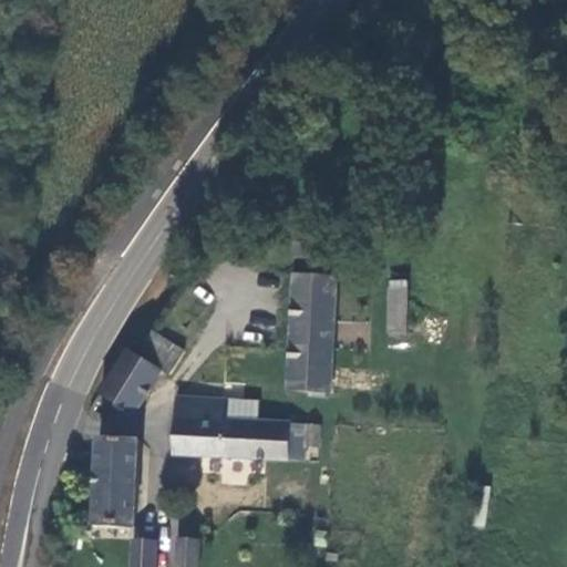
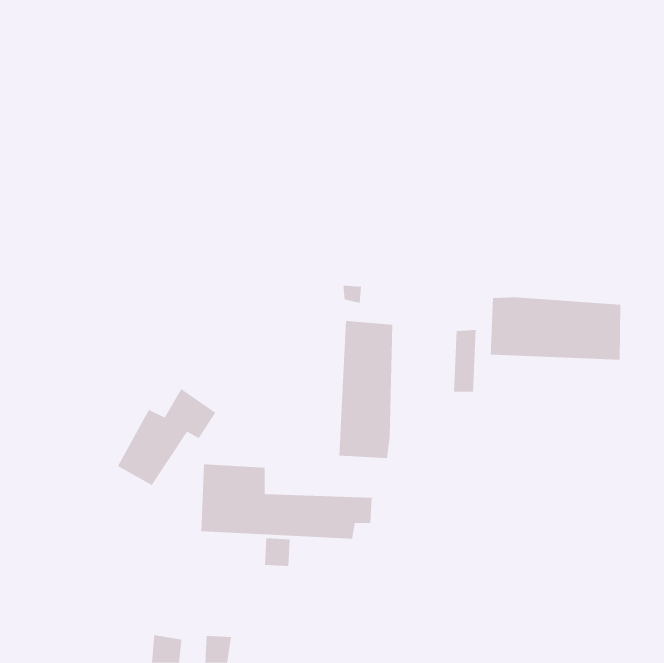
building: none -> [490,296,621,361]
building: [91,437,136,524] -> none

